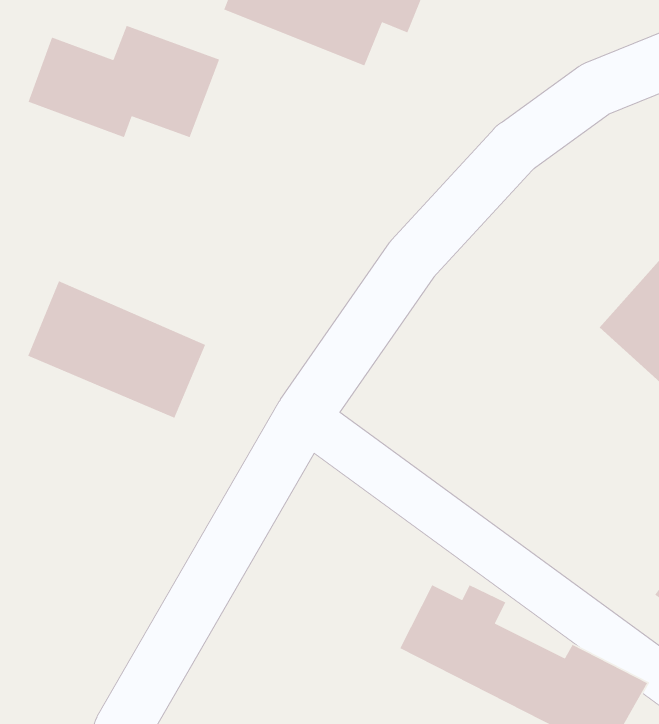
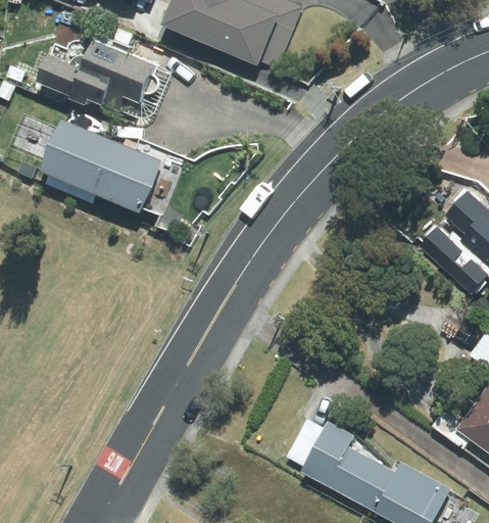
building: [27,280,206,419] -> [42,118,164,213]

